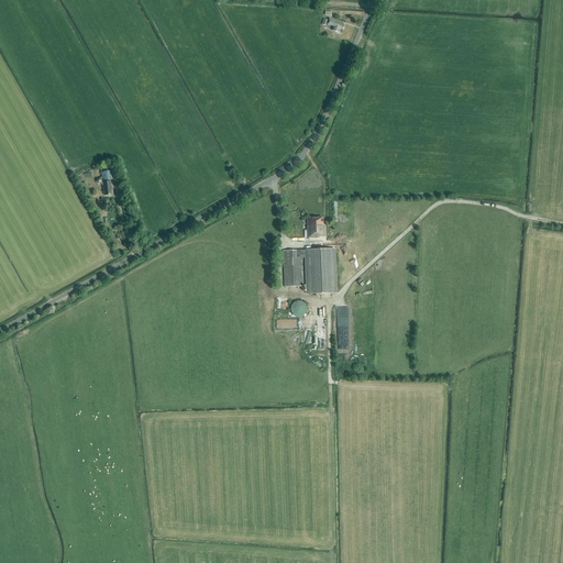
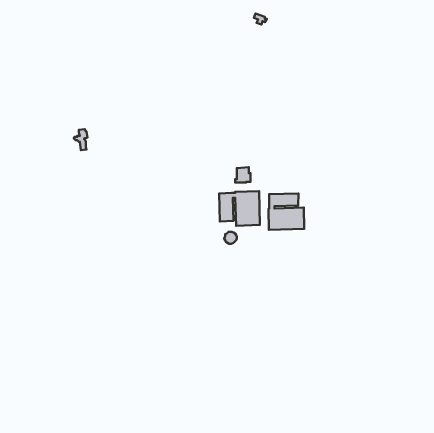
building: none -> [268,193,304,230]

